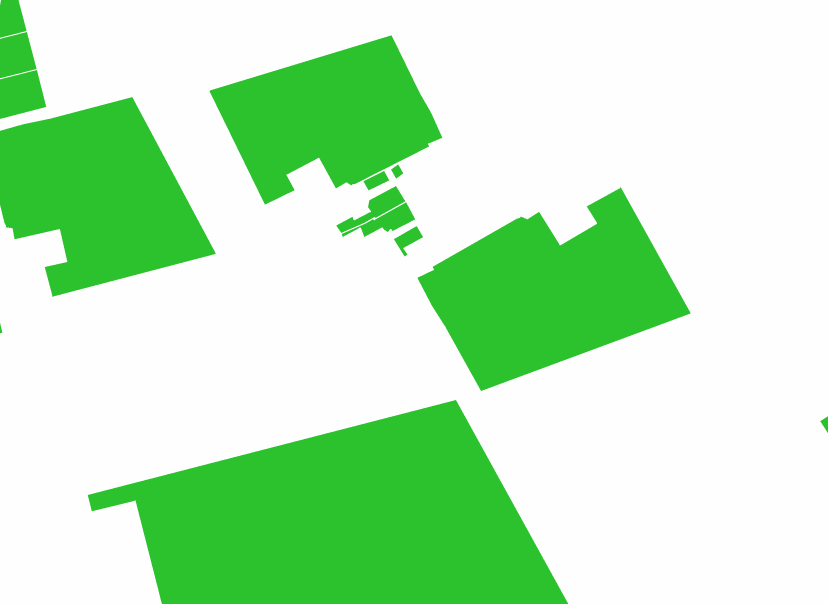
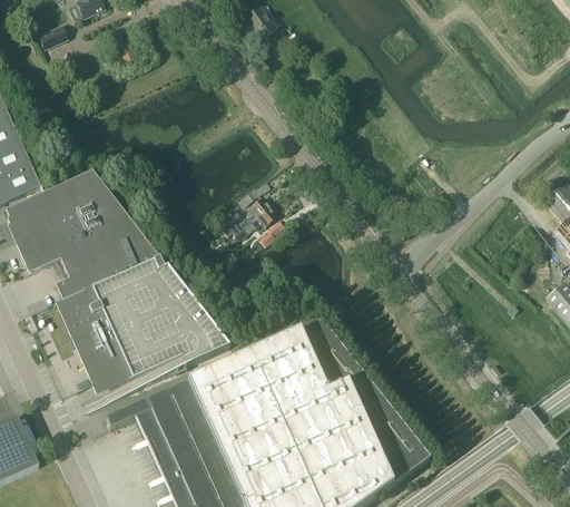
building: [208,34,443,206] -> none
building: [417,186,693,392] -> none
building: none -> [57,256,228,397]

